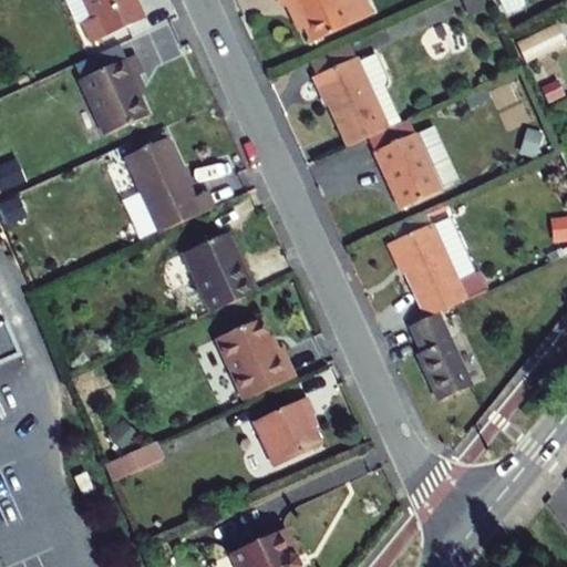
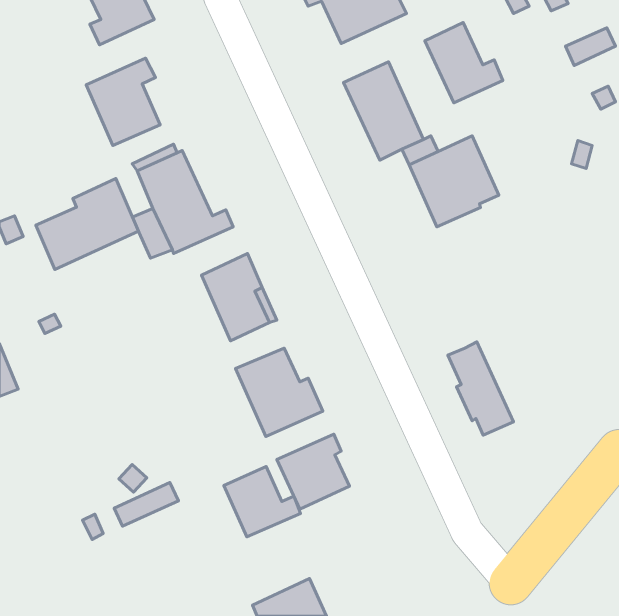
building: none -> [425,23,503,103]
building: none -> [36,178,138,270]
building: [390,223,485,318] -> none
building: none -> [224,466,300,537]

